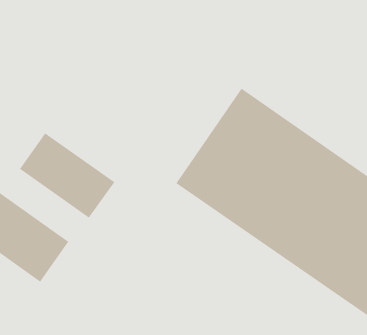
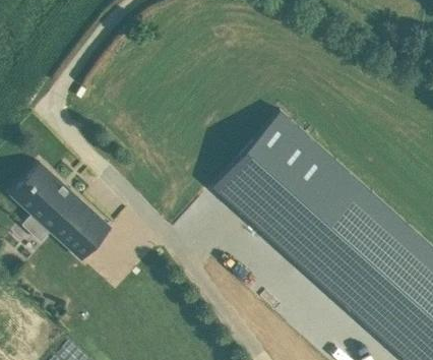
building: [19,132,115,218] -> none

